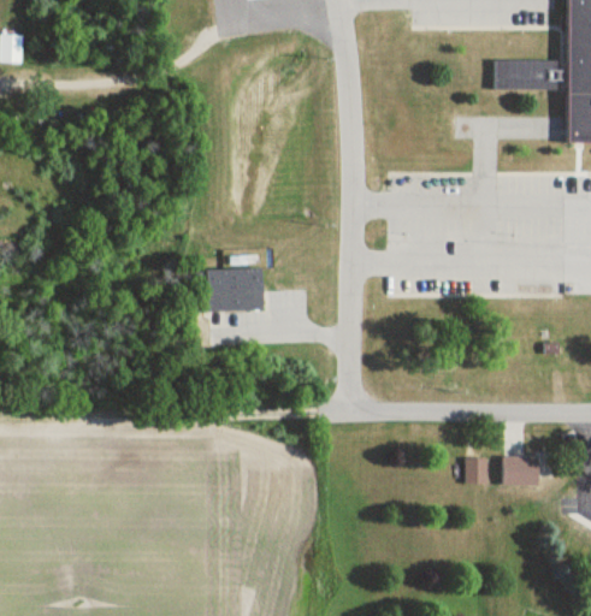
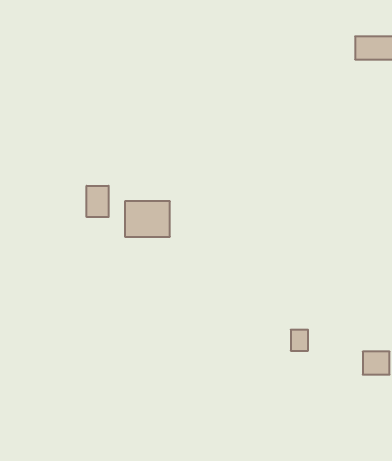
building: none -> [87,186,109,217]
building: [467,457,489,484] -> [291,330,308,351]

